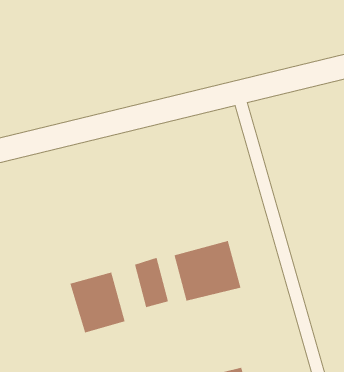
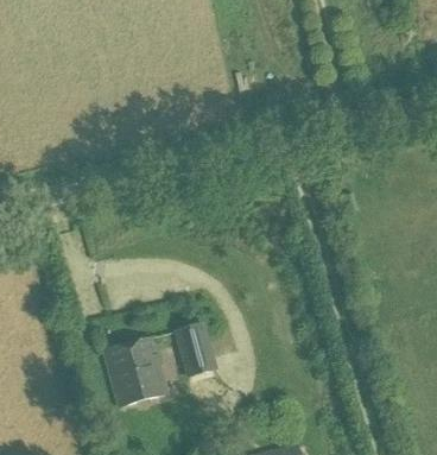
building: [174,240,241,302] -> none

